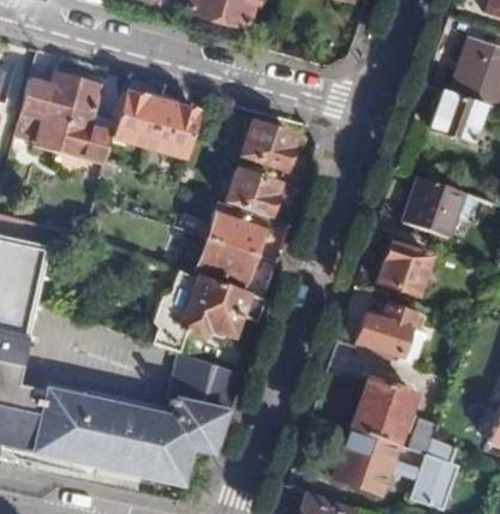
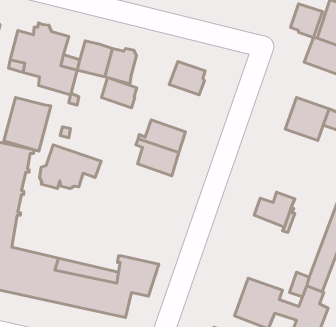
building: none -> [290,4,322,37]
building: [227,174,276,216] -> [101,78,137,108]
building: none -> [4,97,51,151]
building: [371,232,431,295] -> none
building: [180,275,267,336] -> [39,145,101,189]
building: [174,353,240,408] -> none
building: [352,378,416,444] -> none

